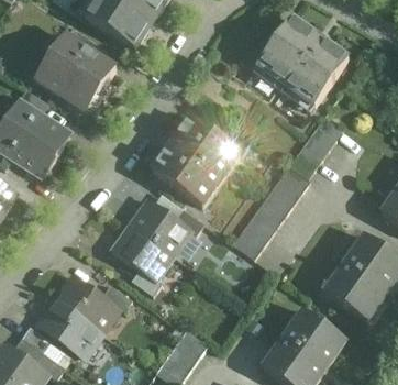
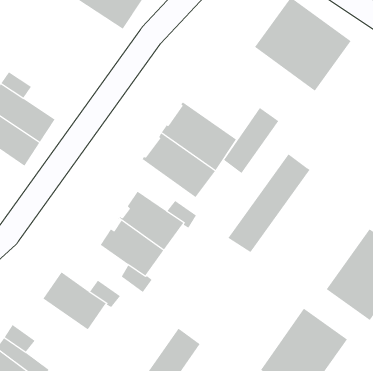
building: [35,32,115,110] -> none
building: [289,113,342,176] -> [223,107,279,174]
building: [41,299,101,354] -> none

